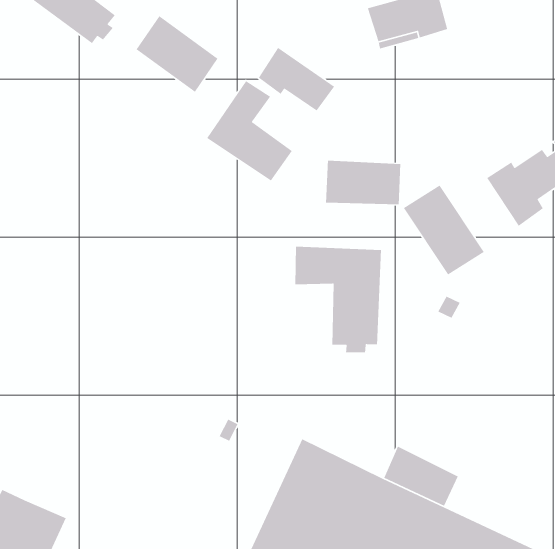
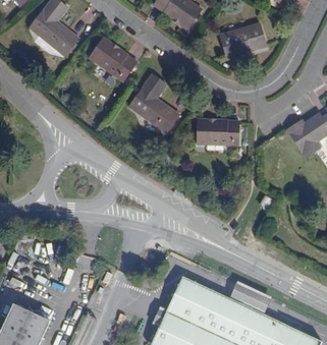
building: [258,47,335,111] -> none
building: [403,185,485,275] -> none
building: [295,246,382,353] -> none

